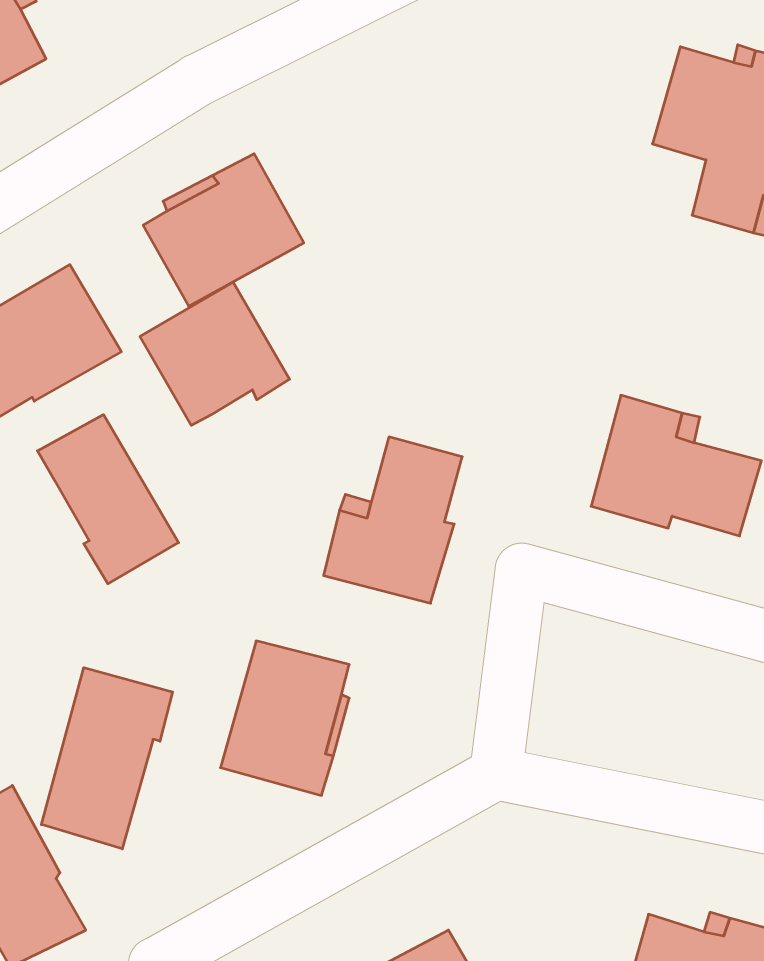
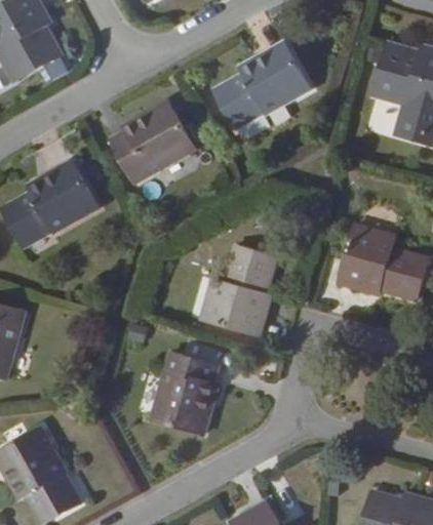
building: none -> [212,43,308,128]
building: [140,282,290,425] -> none
building: [37,415,179,584] -> none
building: [41,668,173,849] -> none

